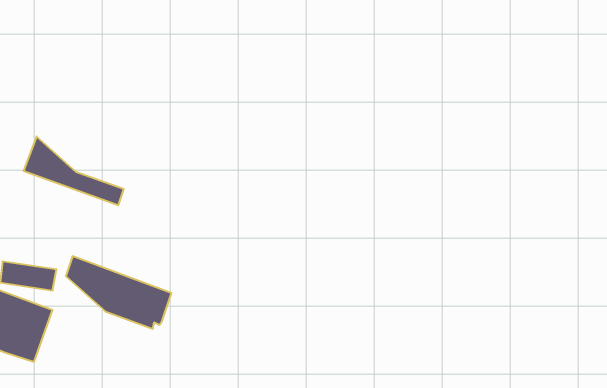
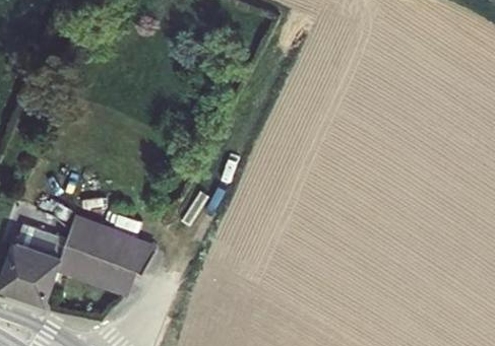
building: [23,136,124,205] -> [62,235,139,288]

